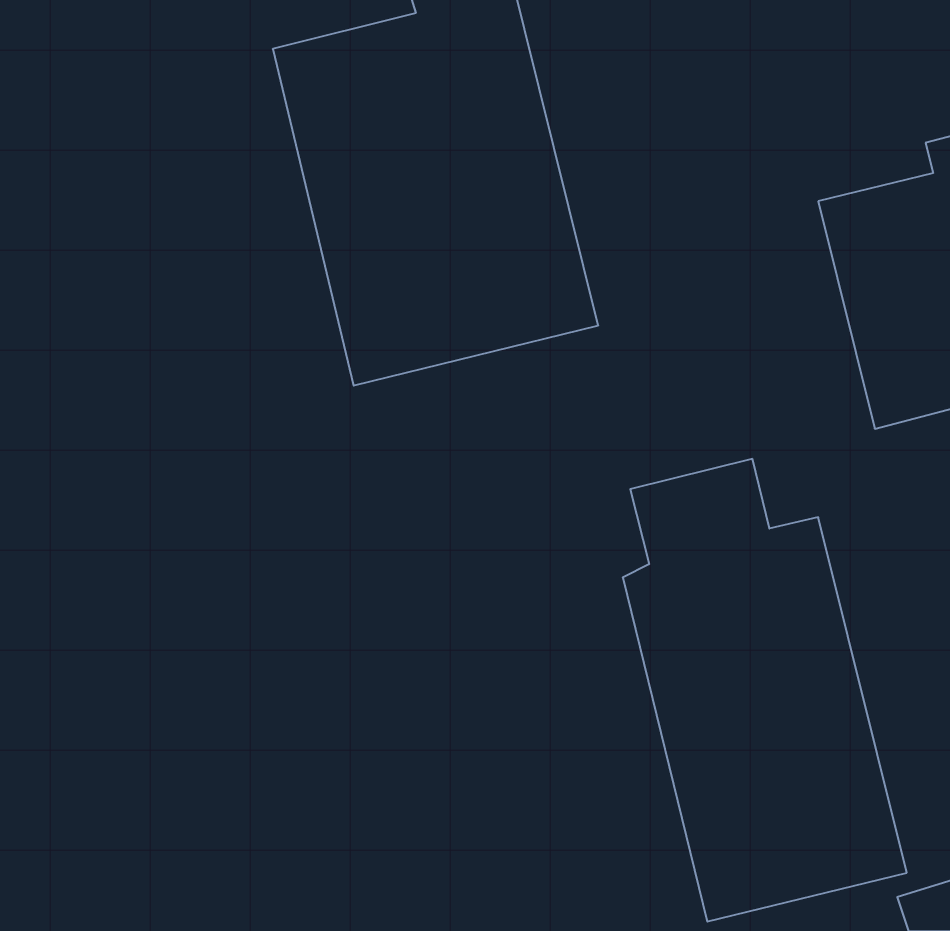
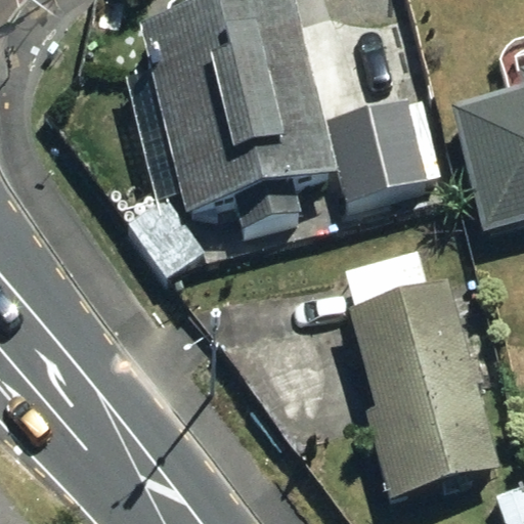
building: none -> [325,98,434,210]

